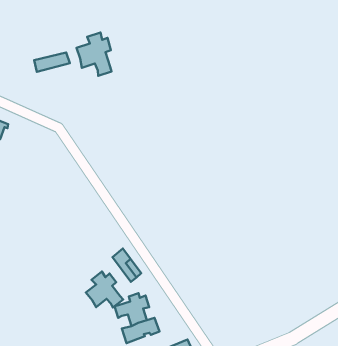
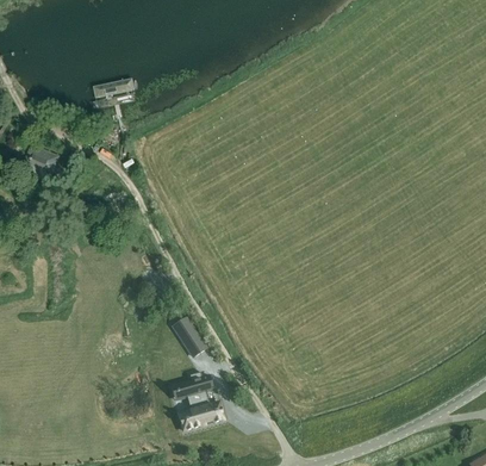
building: [77,32,112,76] -> none
building: [86,272,123,308] -> none

